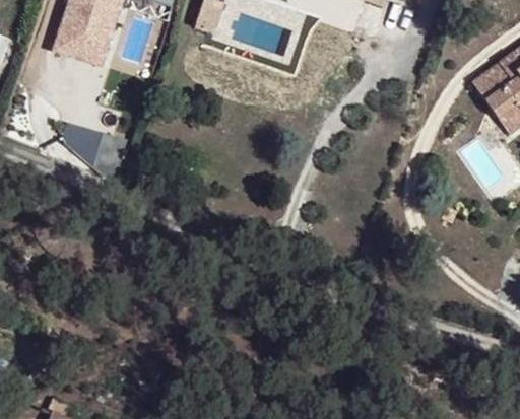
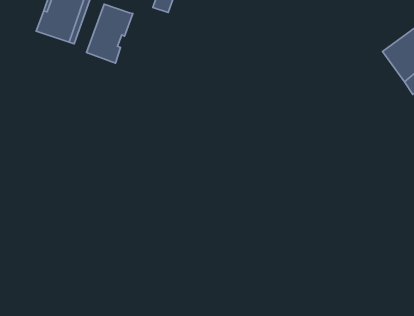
building: none -> [87,4,133,63]

